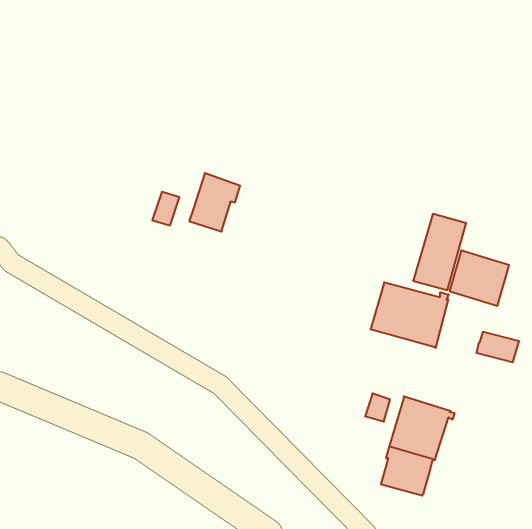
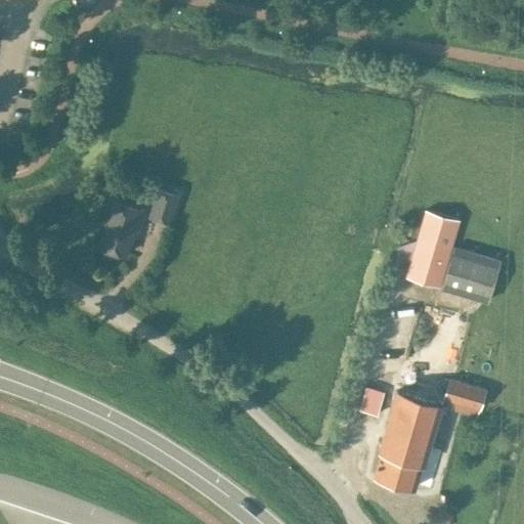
building: [189,173,240,232] -> [93,201,143,258]
building: [371,282,449,348] -> none
building: [476,332,519,362] -> [443,382,485,411]

